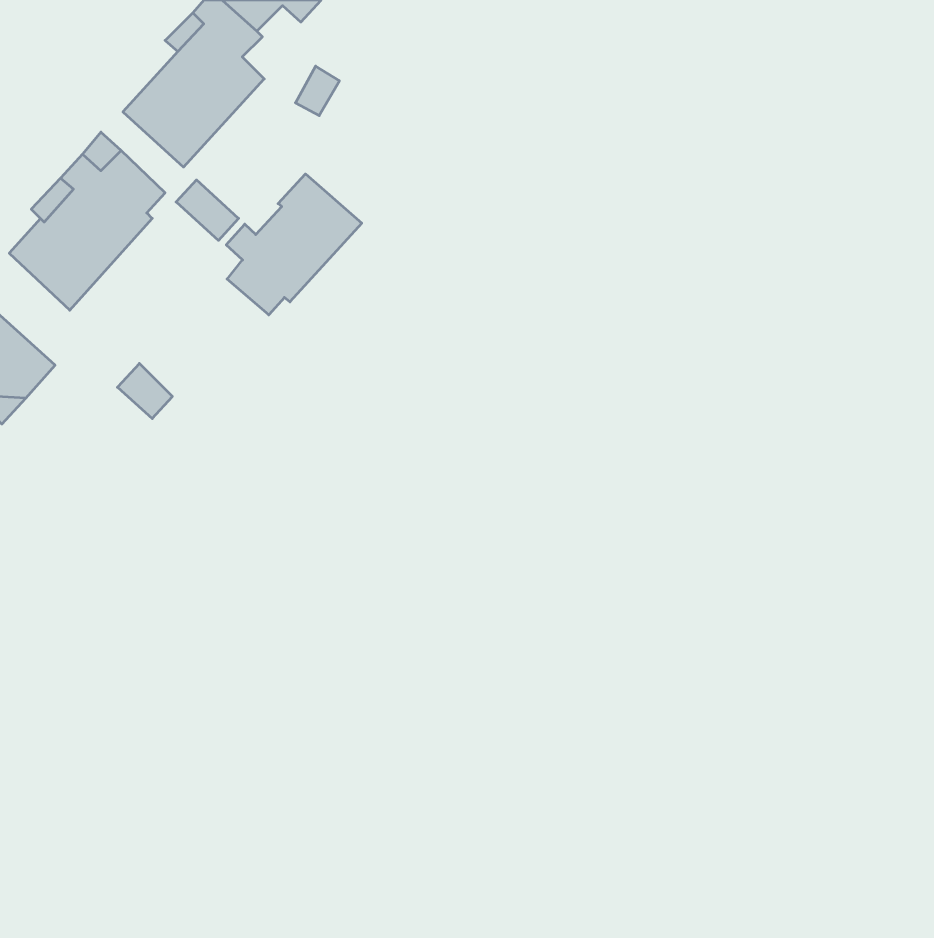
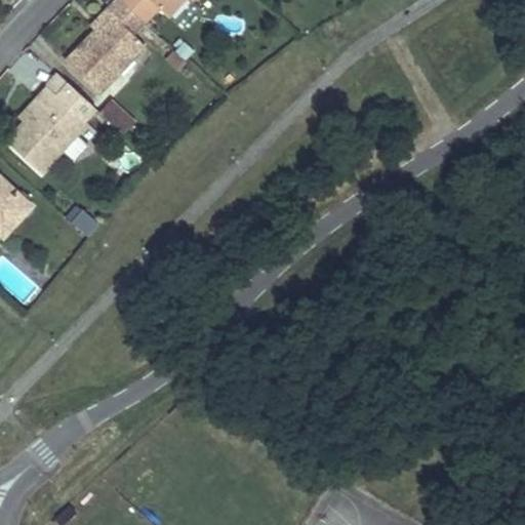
building: [226,174,362,315] -> none

